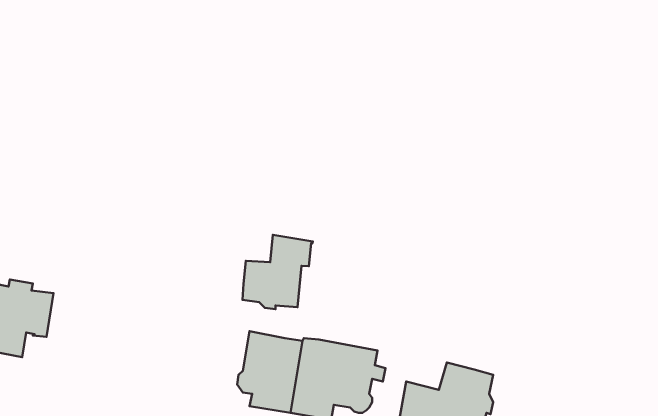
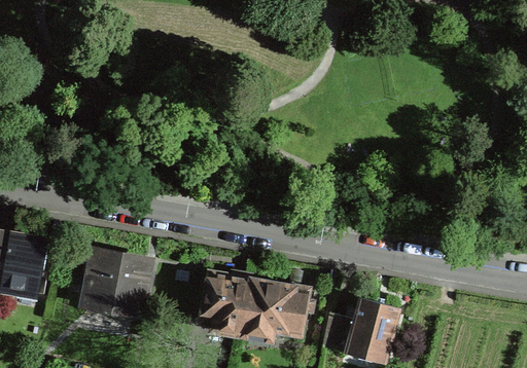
building: [243,235,313,309] -> none
building: none -> [86,252,150,309]

